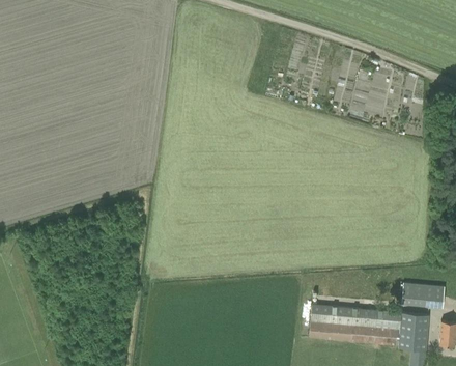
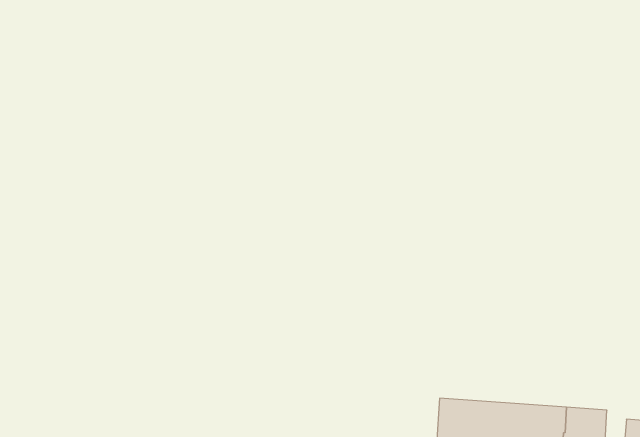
building: [401,281,445,306] -> none

